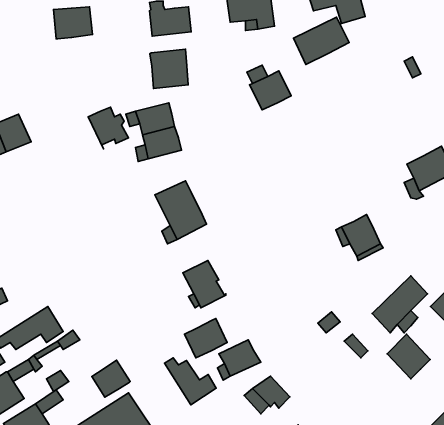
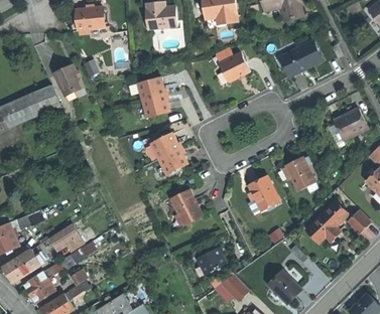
building: [293,17,349,65] -> [280,42,321,76]
building: [150,49,188,89] -> none
building: [88,107,128,149] -> [54,65,84,96]
building: none -> [248,175,279,210]
building: [185,319,227,358] -> none
building: [387,334,430,379] -> [267,271,298,303]
building: [164,358,216,405] -> none
building: [92,360,130,397] -> none

